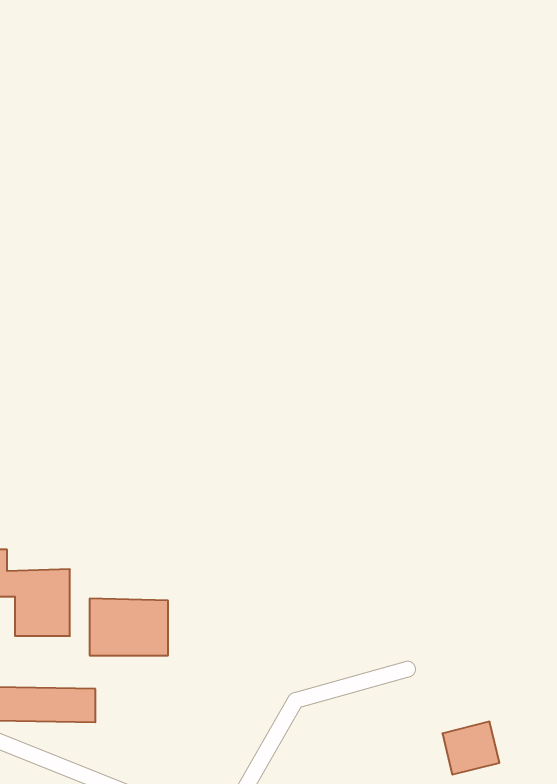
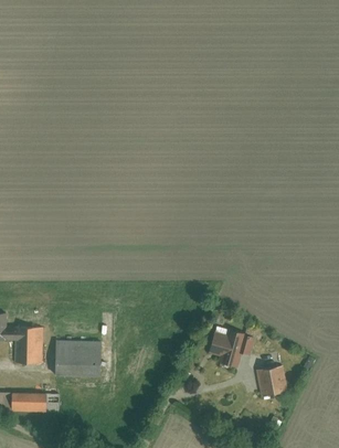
building: none -> [208,328,256,367]
building: [442,722,499,775] -> [255,366,287,396]

